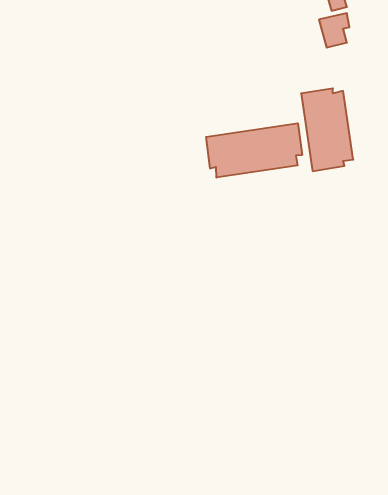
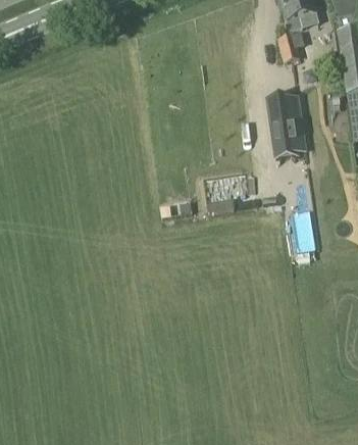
building: [206,123,302,178] -> none

